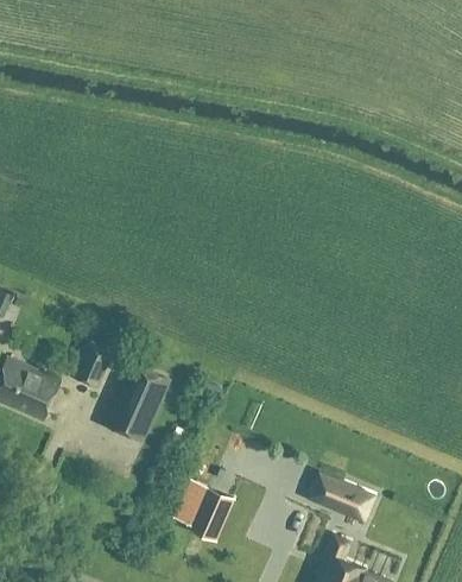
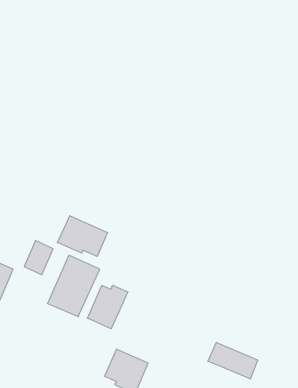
building: none -> [57,216,107,256]
building: none -> [87,285,128,329]

